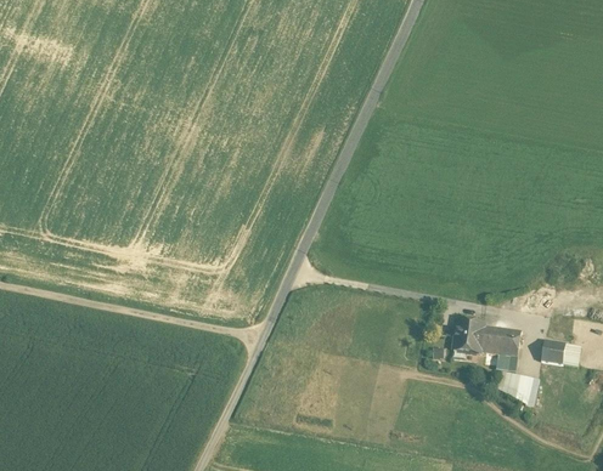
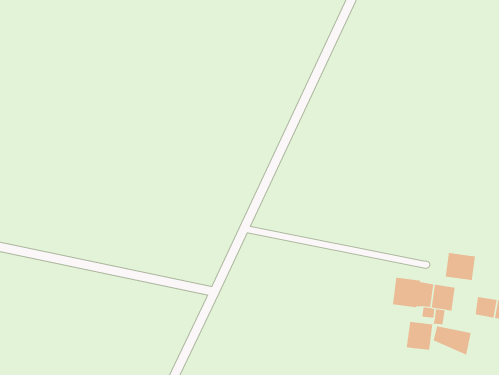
building: none -> [445,252,476,281]
building: none -> [406,321,433,351]

